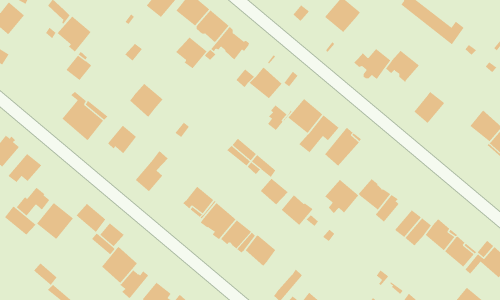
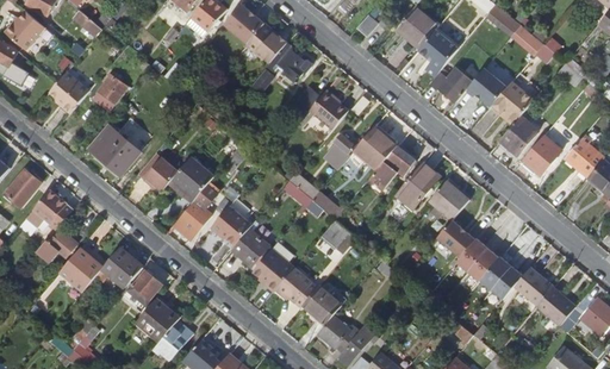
building: [57,16,92,53] -> [50,69,91,112]
building: none -> [418,31,460,80]
building: [175,36,208,69] -> none
building: none -> [493,83,535,123]
building: [129,83,164,118] -> [173,157,213,198]
building: none -> [521,137,562,177]
building: none -> [210,206,251,245]
building: [325,179,359,214] -> [428,180,468,220]
building: [281,195,314,226] -> none
building: [4,205,37,236] -> none
building: none -> [317,317,359,352]

